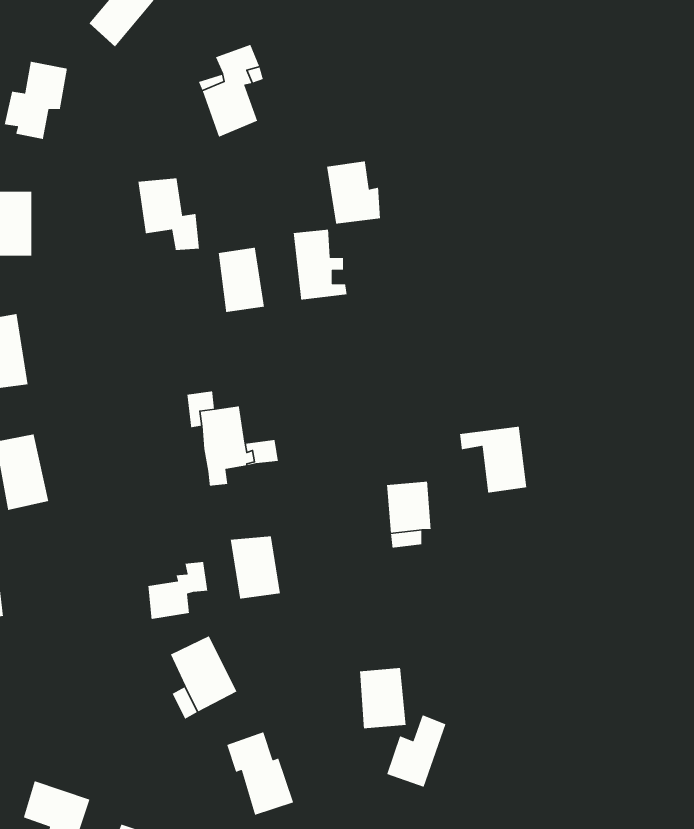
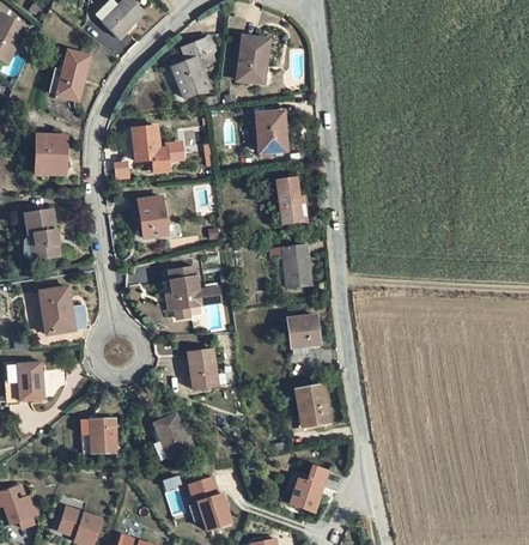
building: none -> [232,36,264,81]
building: [293,229,348,300] -> [273,180,308,225]
building: [218,247,265,313] -> [136,195,166,237]
building: [459,426,527,494] -> [268,247,311,290]
building: [147,561,208,620] -> none
building: none -> [78,417,116,456]
building: [359,667,406,729] -> [296,386,326,425]

